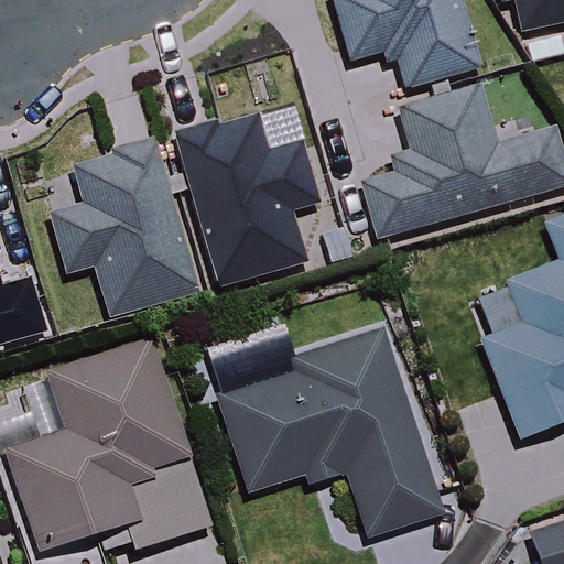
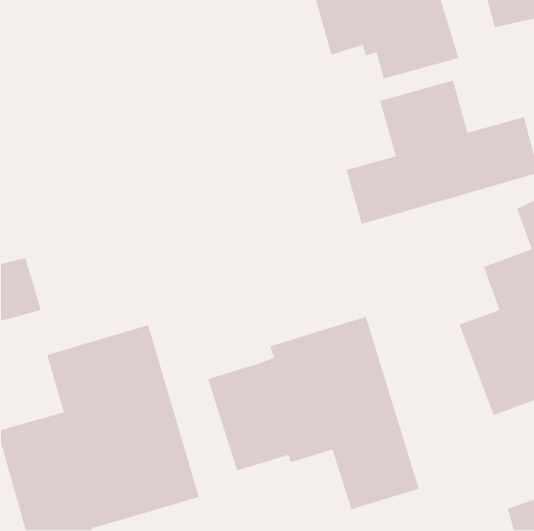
building: [171,108,322,285] -> none
building: [46,131,199,316] -> none

